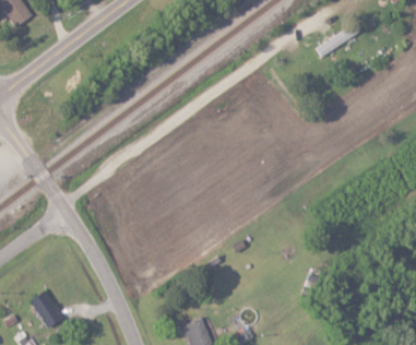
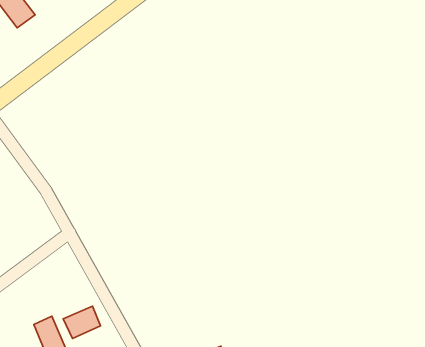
building: none -> [63,306,100,339]

